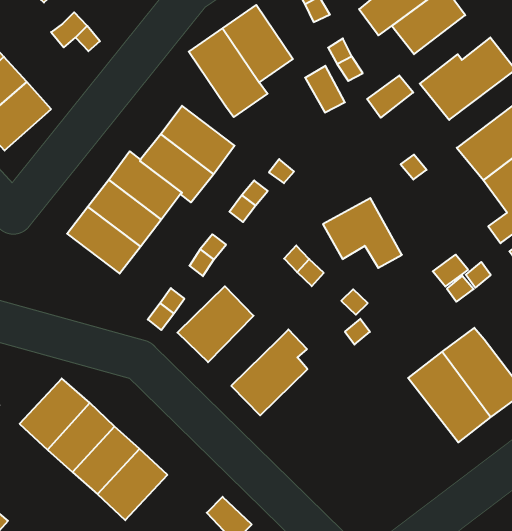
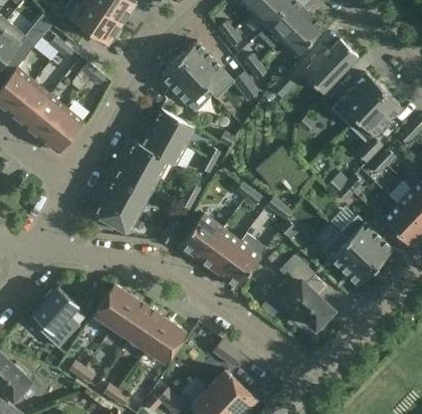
building: none -> [93,197,139,235]
building: none -> [200,229,240,273]
building: none -> [275,255,333,330]

